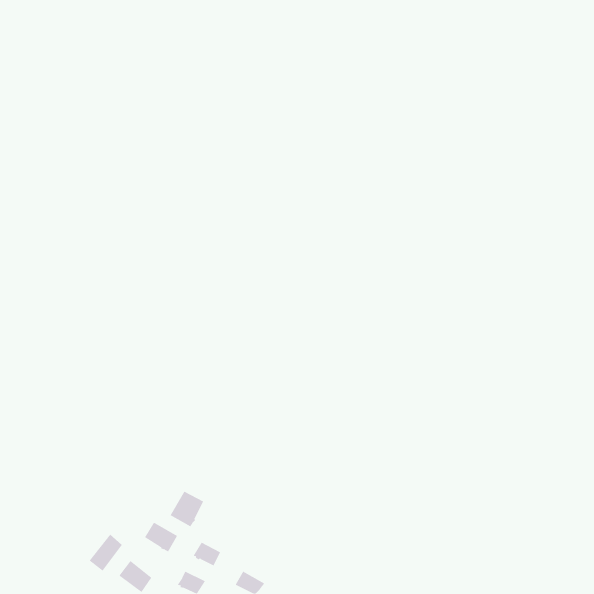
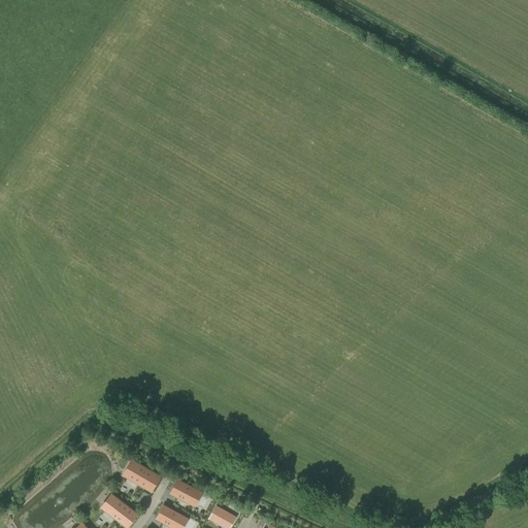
building: [170,491,204,527] -> none
building: [89,534,123,571] -> none

